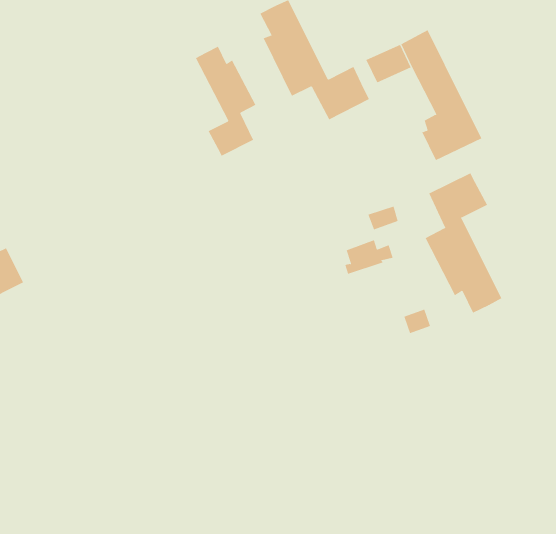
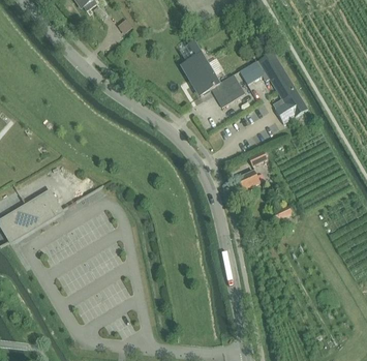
building: [195,46,256,157] -> none
building: [425,172,502,314] -> none

